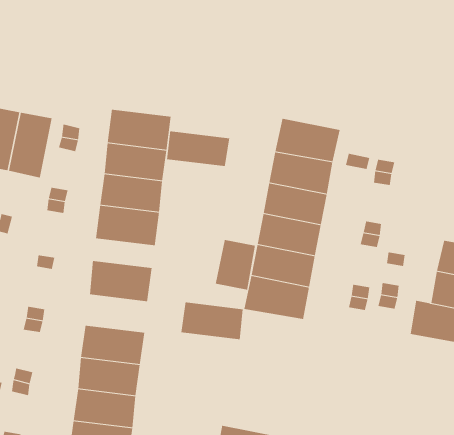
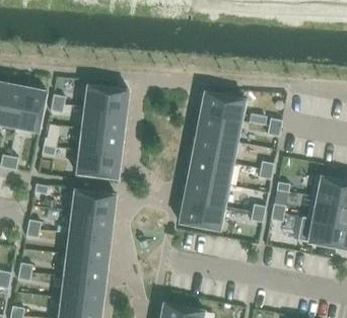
building: [167,130,230,167] -> none
building: [215,239,256,291] -> none
building: [180,302,244,340] -> [69,213,113,239]

